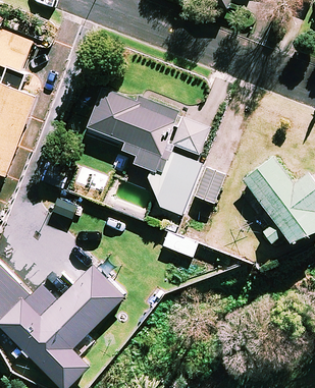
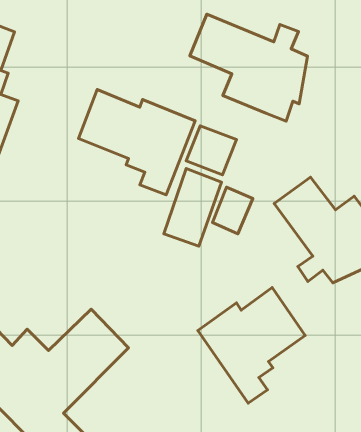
building: none -> [190,14,307,121]
building: none -> [198,288,305,403]

